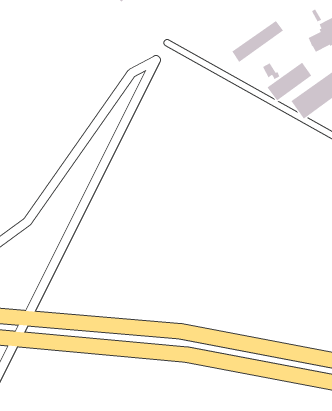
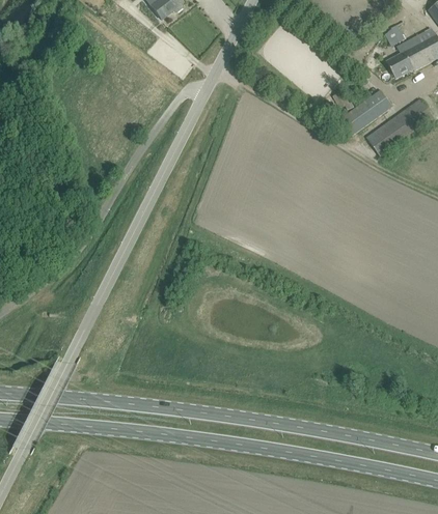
building: [232,20,284,63] -> none

